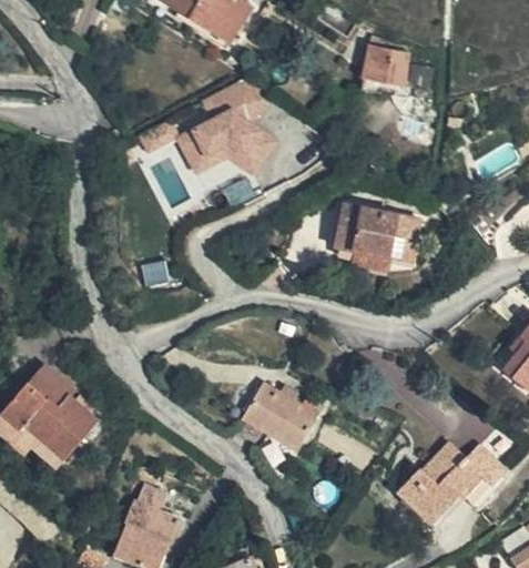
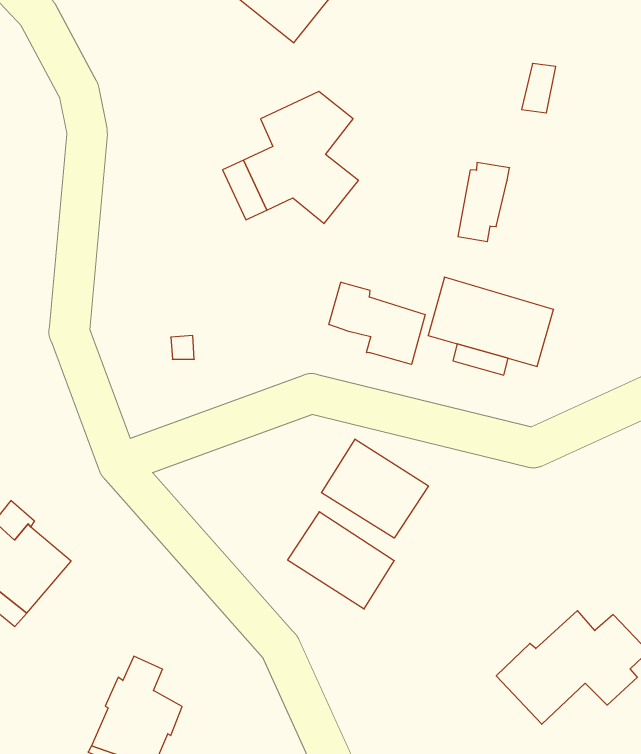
building: [363,39,396,94] -> [458,163,510,242]
building: none -> [329,282,425,364]
building: none -> [321,439,428,538]

